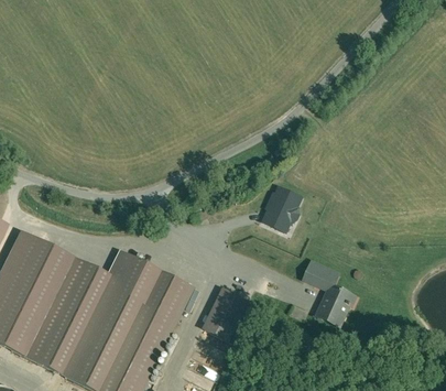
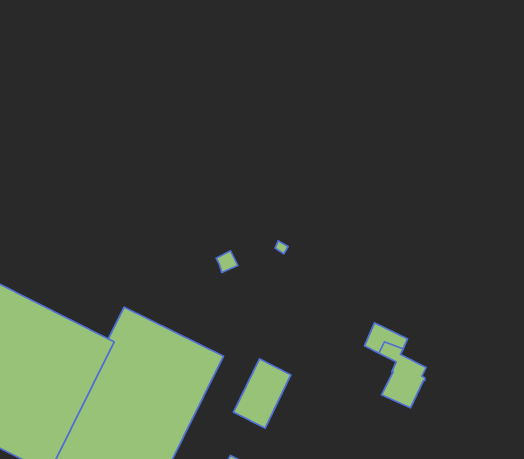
building: [261,184,302,232] -> none

